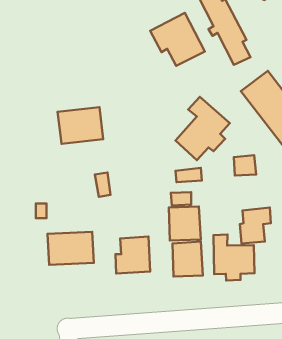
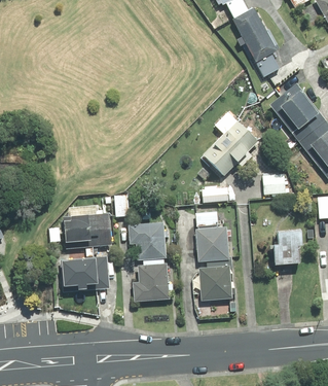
building: [150,13,205,66] -> none
building: [58,107,103,144] -> [68,208,116,247]
building: none -> [132,220,171,257]
building: [213,235,255,280] -> none

